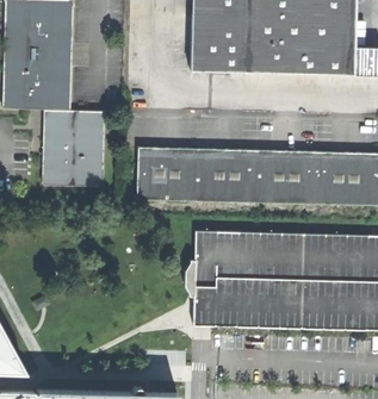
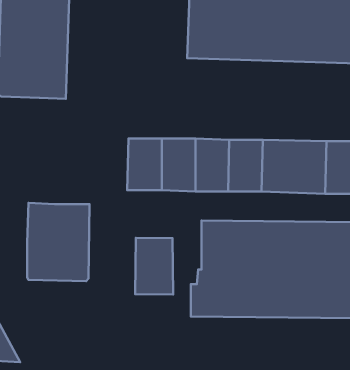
building: [42,110,104,187] -> [27,203,90,281]
building: none -> [135,238,173,294]

